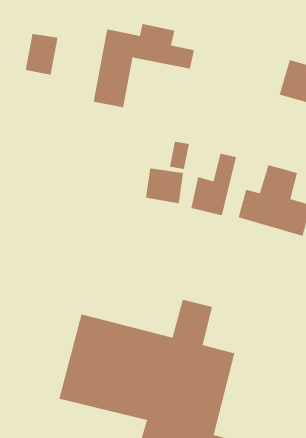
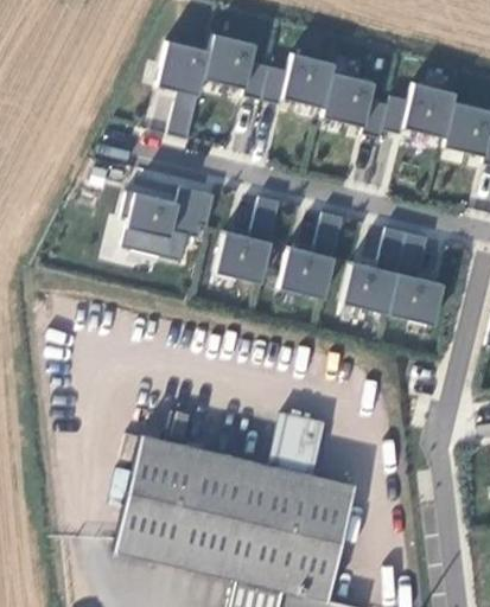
building: [25,33,58,75] -> none
building: none -> [284,52,413,133]
building: none -> [121,168,218,262]

